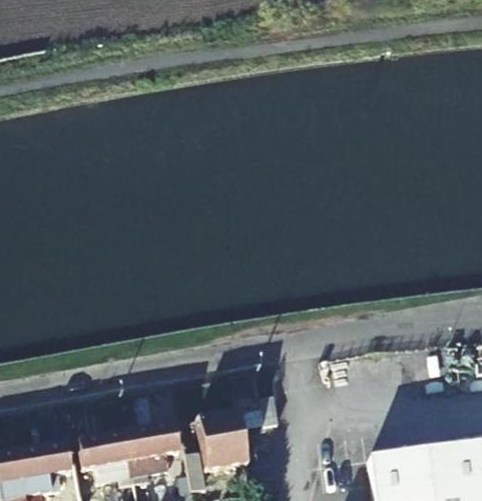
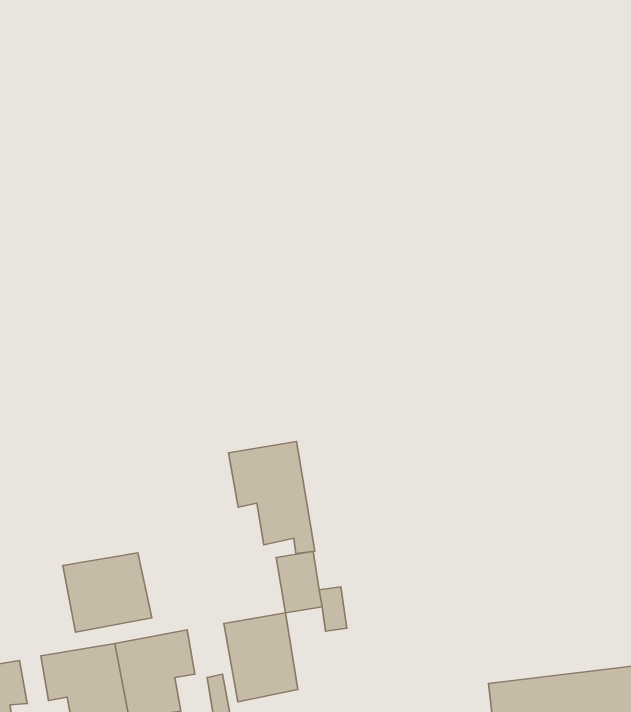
building: none -> [228,442,315,553]
building: none -> [63,553,152,632]

